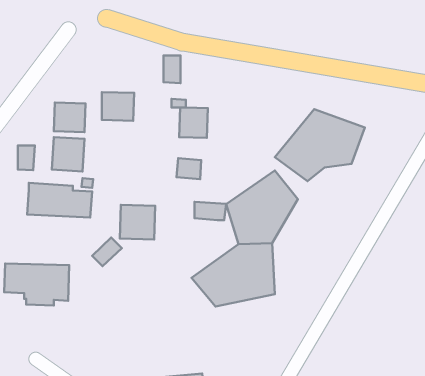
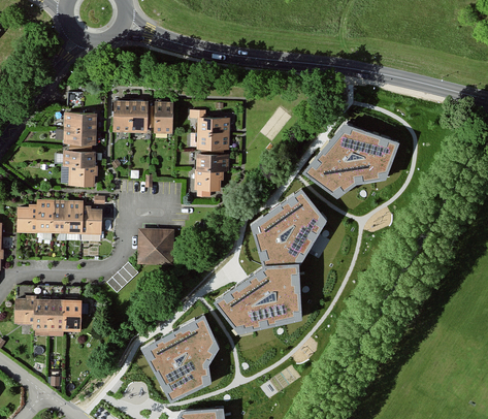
building: [163,55,181,83] -> [156,105,174,135]
building: [18,145,35,170] -> [18,208,36,235]
building: [195,202,226,220] -> [197,157,231,176]
building: none -> [140,314,219,404]

